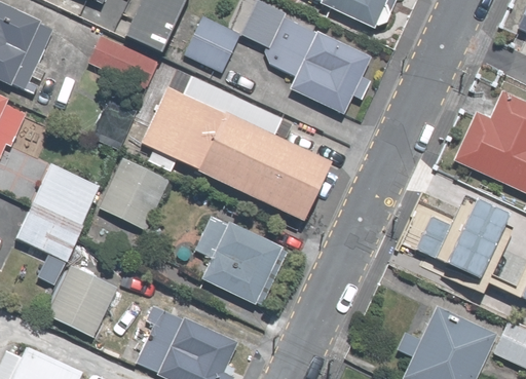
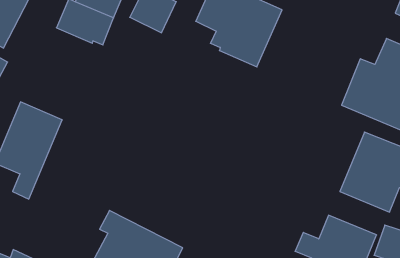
building: [139,85,328,219] -> none
building: [97,156,160,226] -> none
building: [195,210,289,308] -> none
building: [46,262,121,339] -> none

